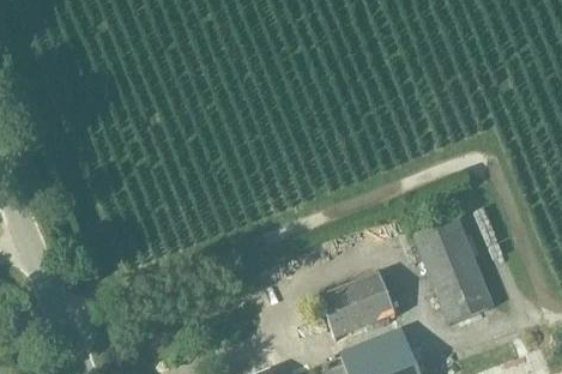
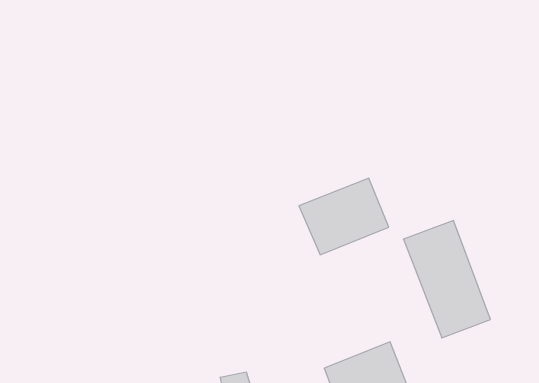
building: [316,272,398,342] -> [299,178,389,255]

